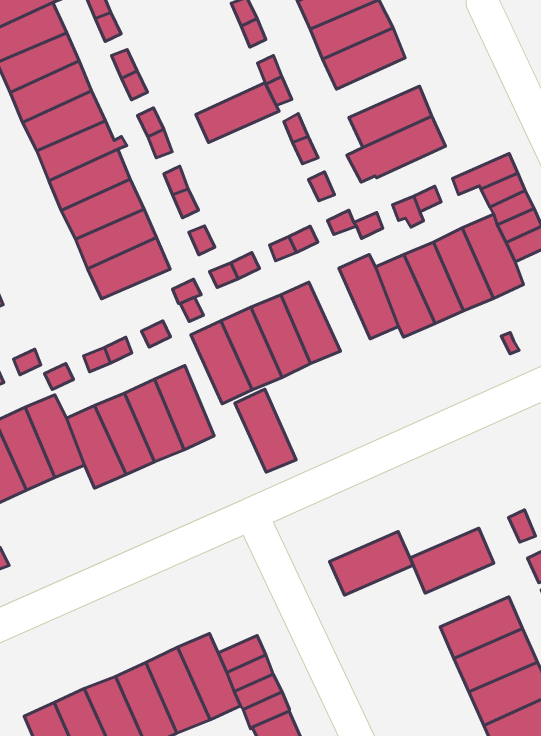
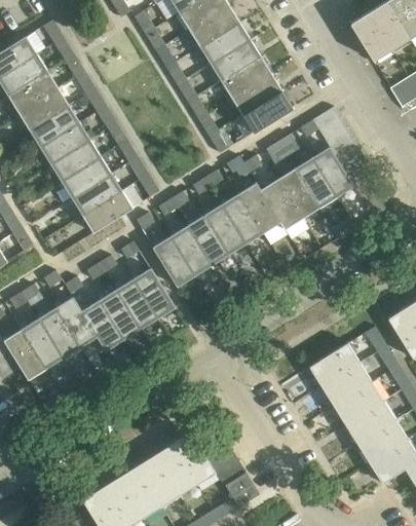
building: [196,83,279,143] -> [221,57,272,99]
building: [235,389,296,472] -> [221,193,264,245]
building: [329,532,413,595] -> [320,363,373,407]

